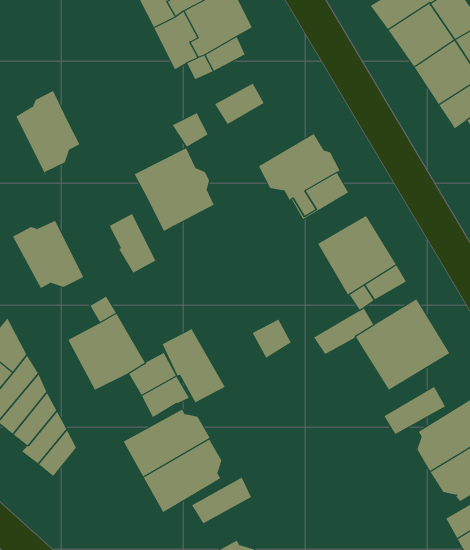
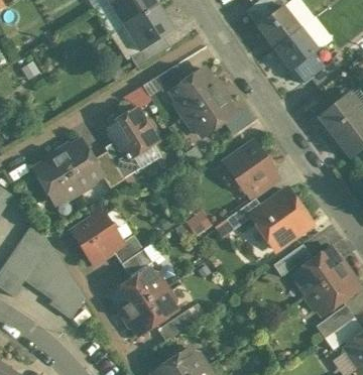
building: [16,90,80,176] -> [60,140,102,194]
building: none -> [172,68,217,116]
building: none -> [106,140,141,177]
building: [162,328,225,403] -> none

